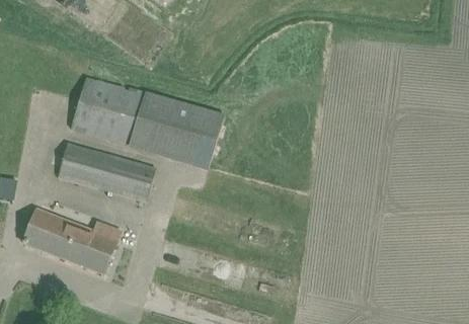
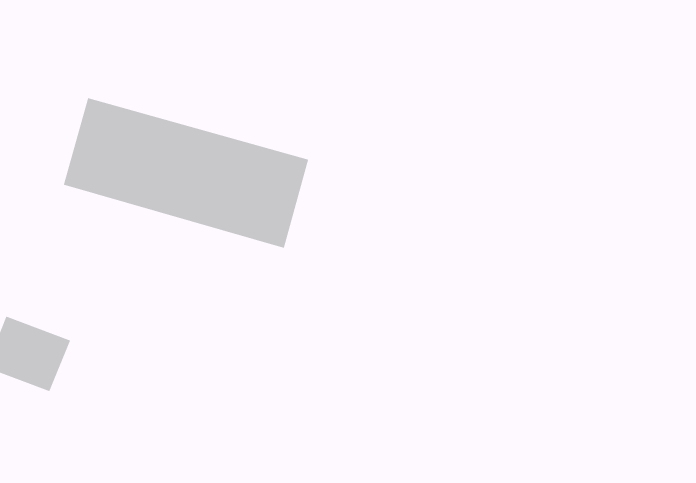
building: [59,144,154,201] -> none
building: [62,221,119,272] -> none

